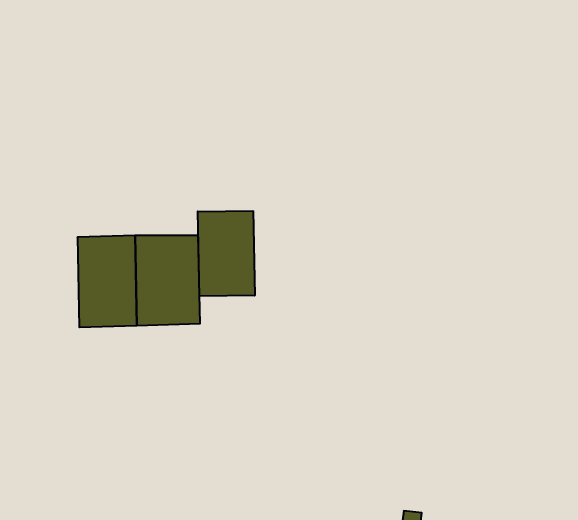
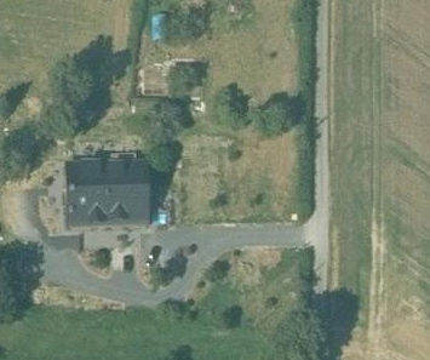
building: [198,211,255,296] -> none

